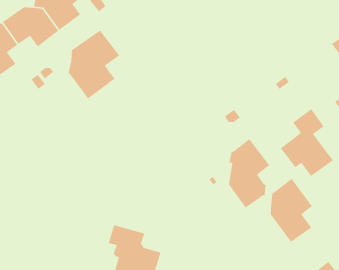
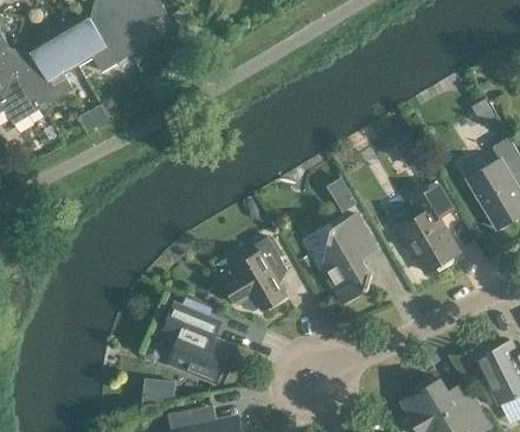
building: [68,30,120,100] -> none
building: none -> [224,236,288,310]
building: [270,178,313,243] -> none

